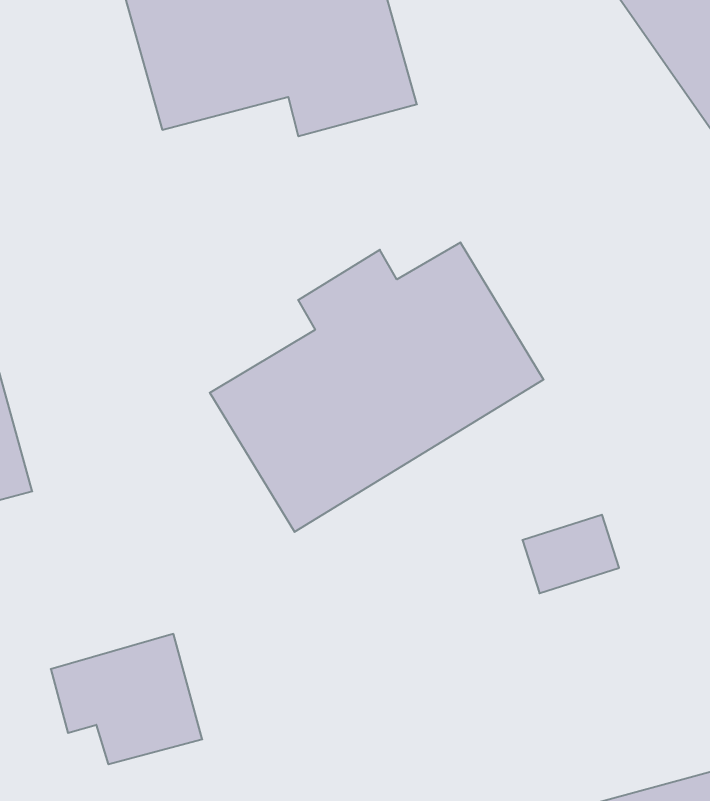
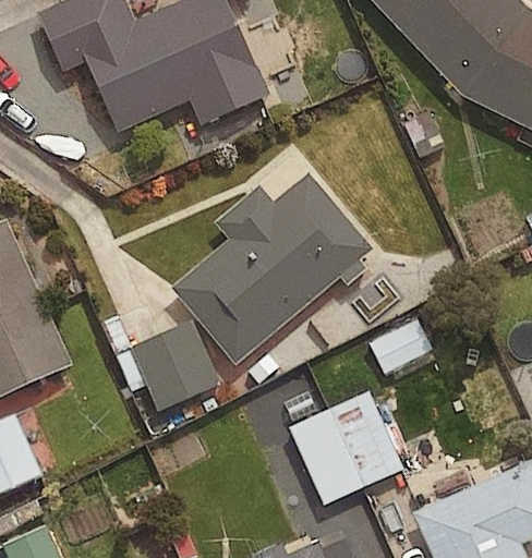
building: none -> [292,396,404,508]
building: [51,634,202,764] -> [118,327,216,412]

